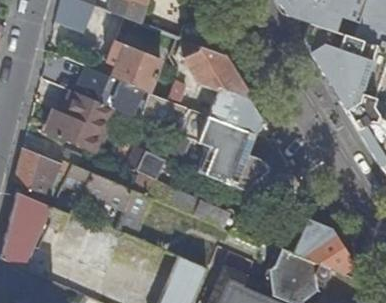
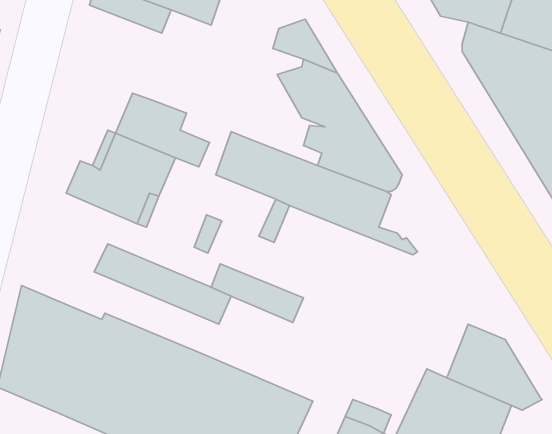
building: [102,33,186,96] -> none
building: [197,147,274,199] -> none
building: [14,148,60,194] -> none

